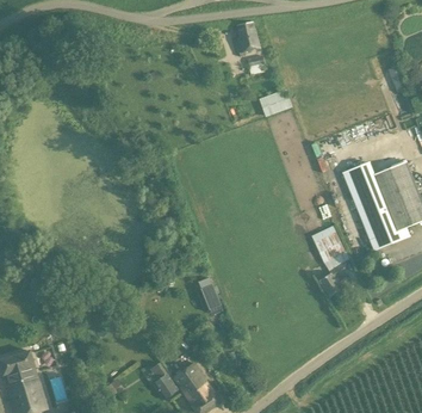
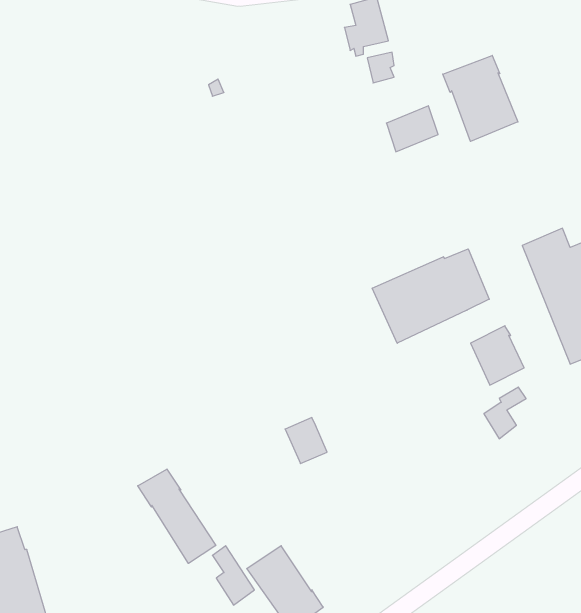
building: none -> [443,55,518,141]
building: none -> [372,249,489,343]
building: none -> [138,469,216,563]

